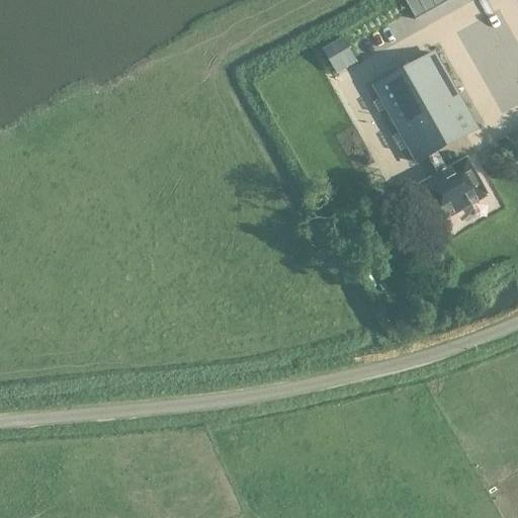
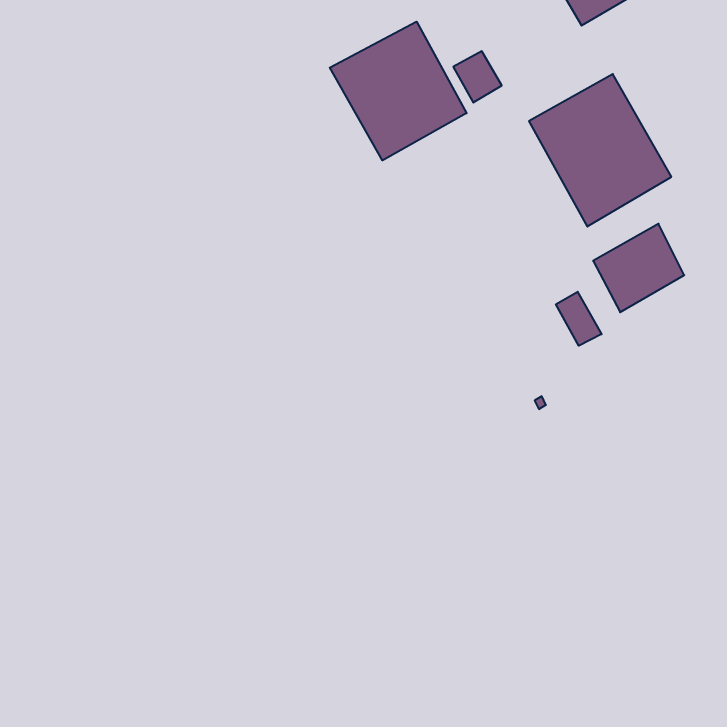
building: none -> [330,22,467,160]
building: none -> [556,292,602,346]

